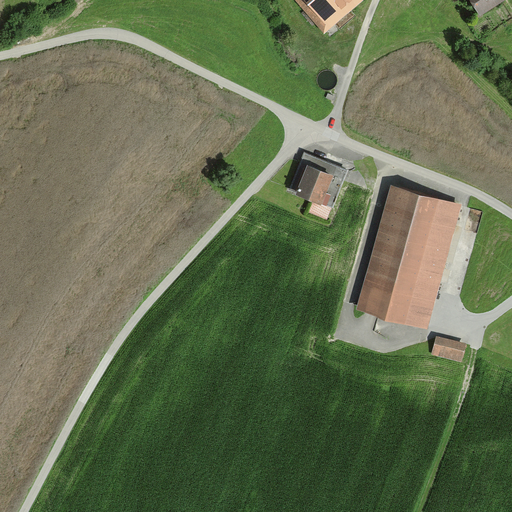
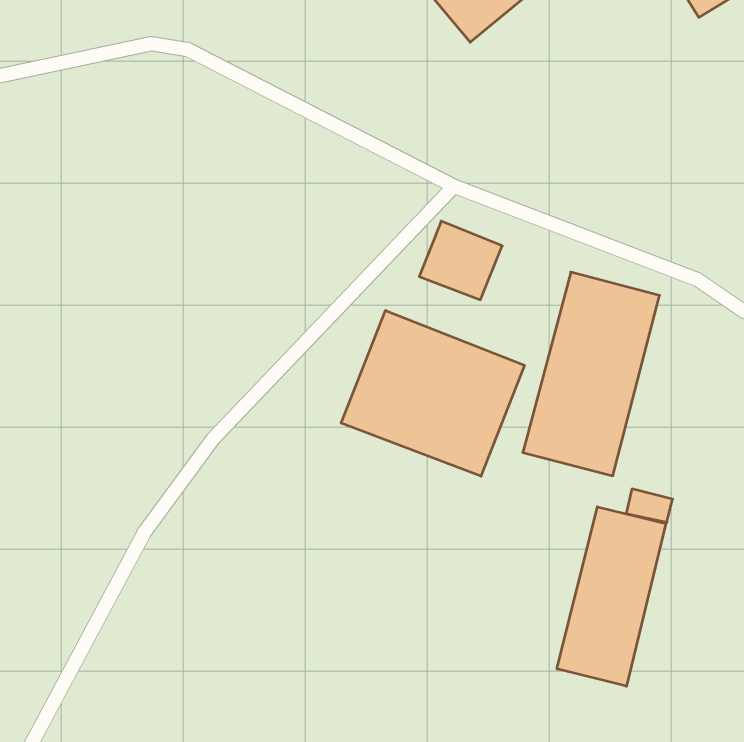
building: none -> [341,310,524,476]
building: none -> [557,507,666,686]

